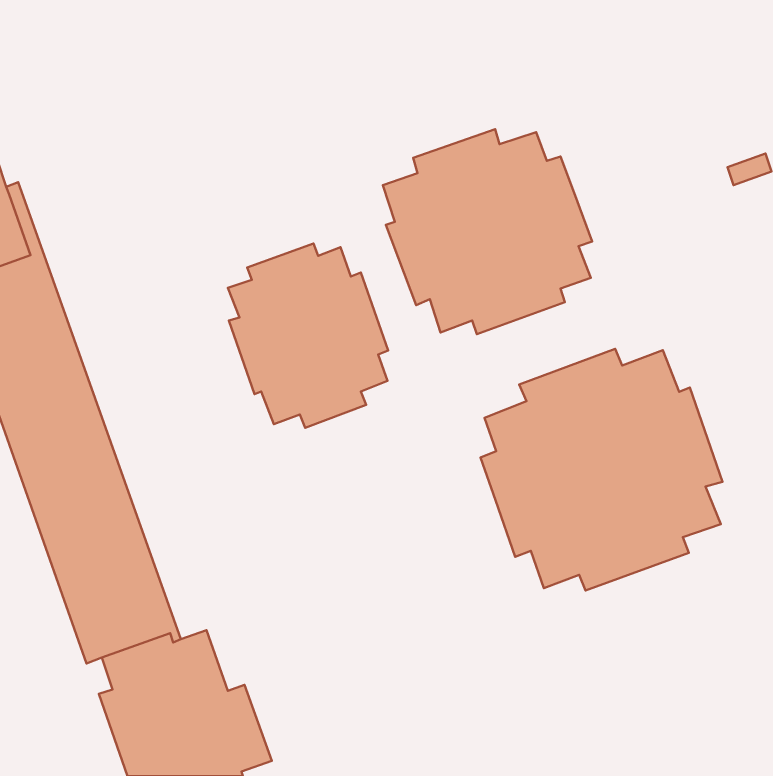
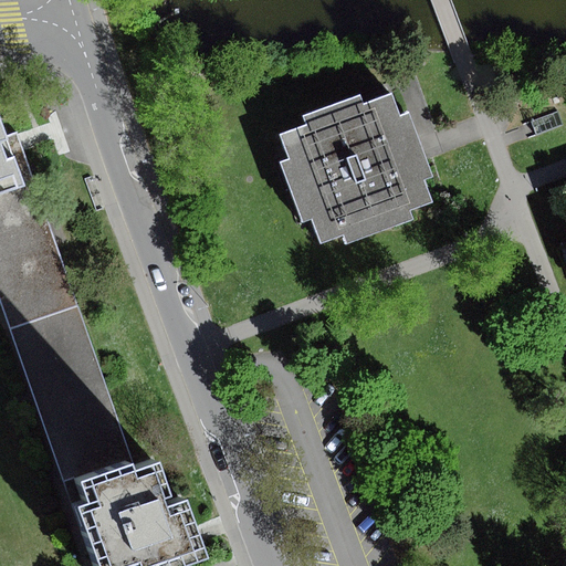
building: [228,244,388,428] -> none
building: [481,349,722,590] -> none

